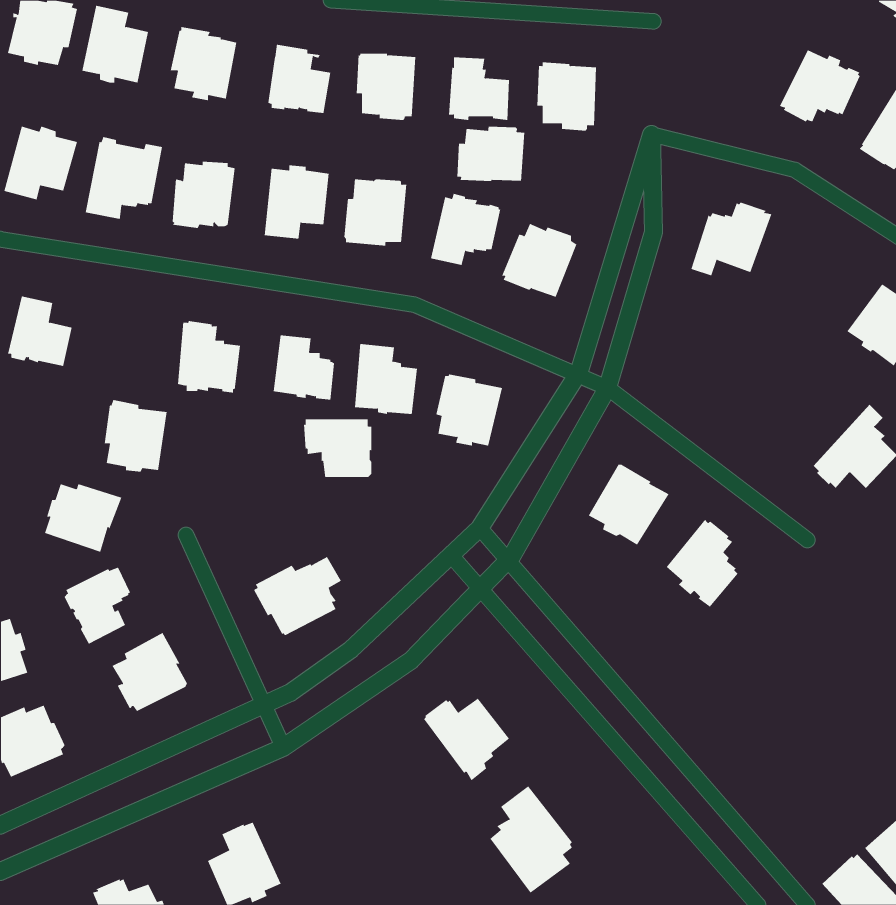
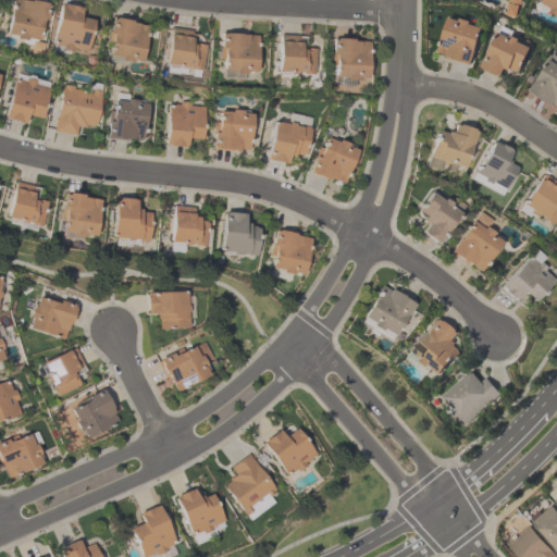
building: none -> [441,16,486,63]
building: [457,126,525,182] -> none
building: none -> [480,141,521,188]
building: none -> [421,190,463,243]
building: none -> [454,211,505,271]
building: [104,400,168,472] -> [64,191,103,236]
building: [303,419,372,477] -> [149,292,191,327]
building: none -> [445,370,504,423]
building: [490,786,573,894] -> [227,454,278,520]
building: none -> [177,488,227,535]

